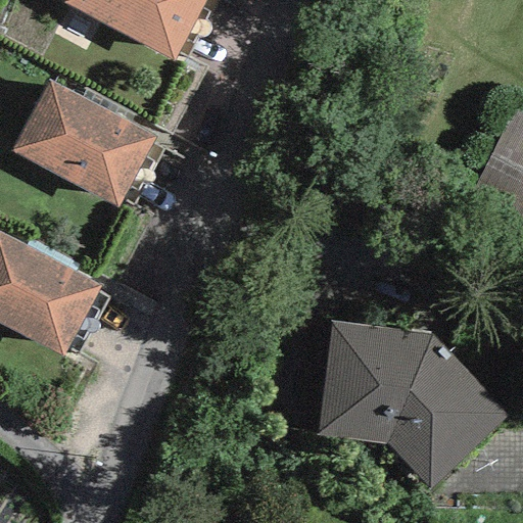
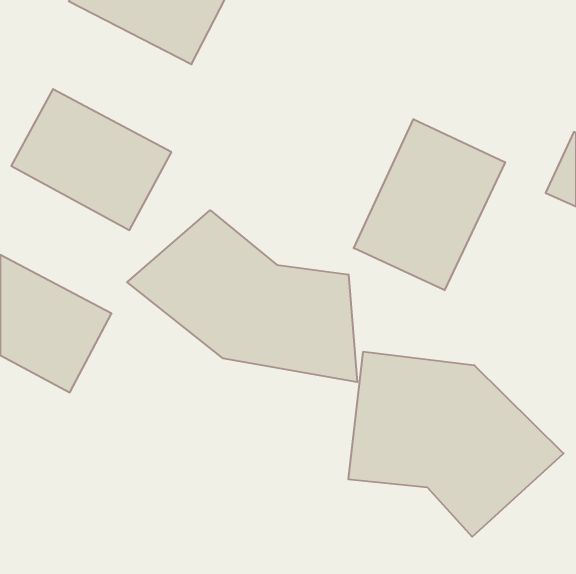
building: none -> [354,119,505,290]
building: none -> [127,210,357,382]

